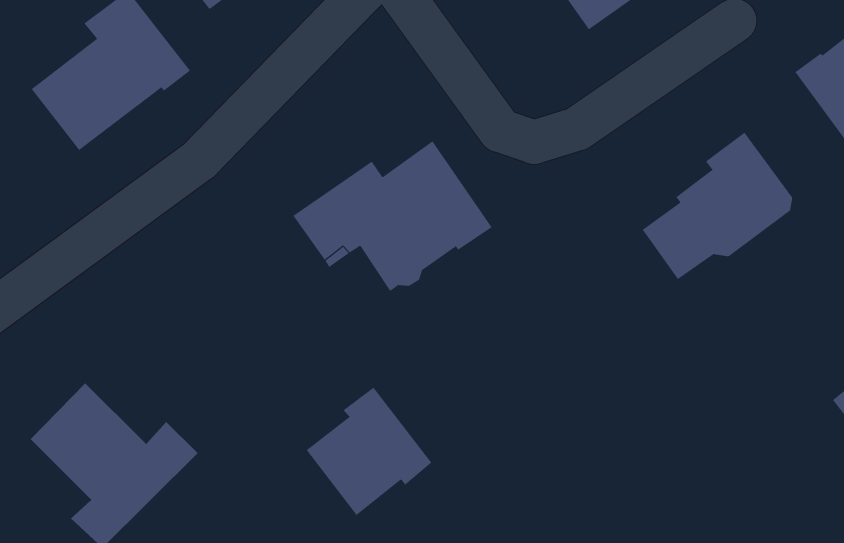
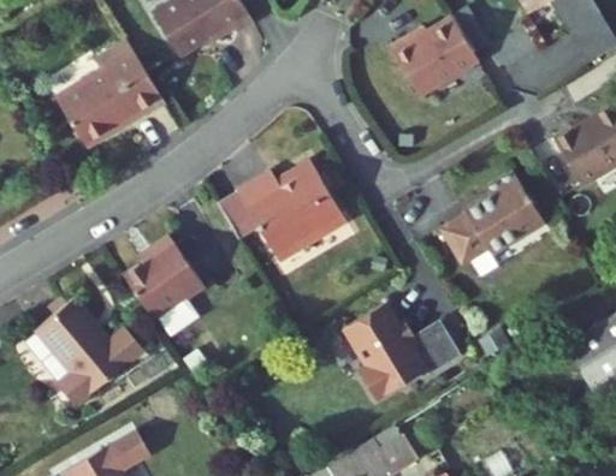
building: none -> [348,303,464,401]
building: [306,387,432,516] -> [123,237,205,320]

